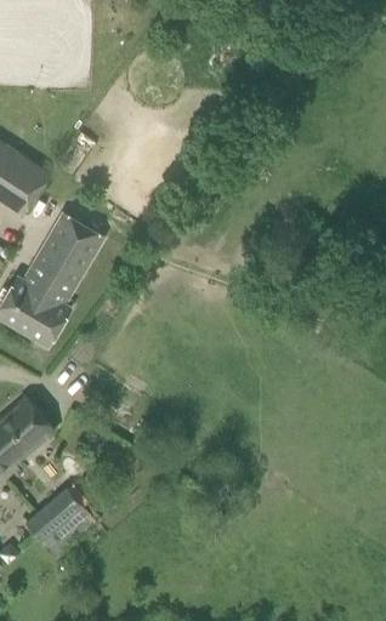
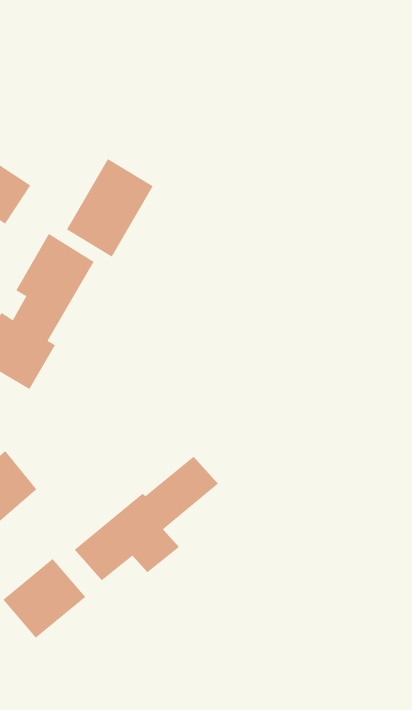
building: none -> [66,158,154,258]
building: none -> [74,456,219,581]

